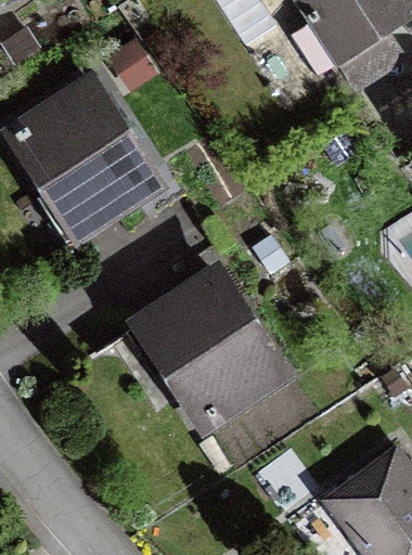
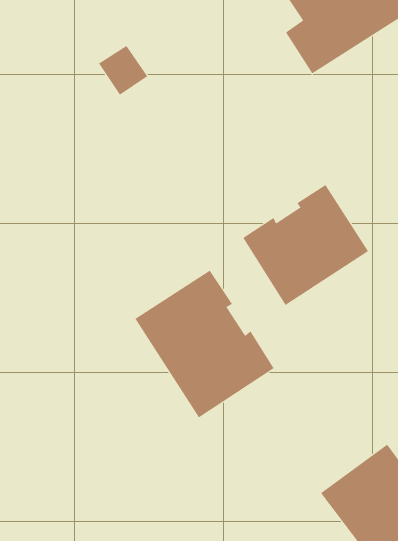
building: [13,83,156,234] -> none
building: none -> [243,184,369,306]

